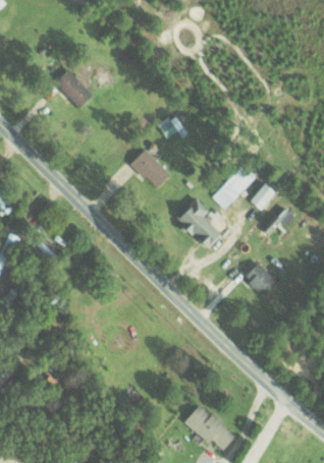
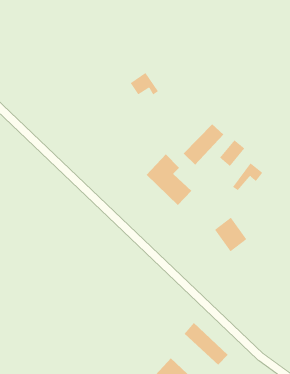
building: [54,69,88,108] -> none
building: [129,149,172,189] -> none
building: none -> [184,322,228,365]

